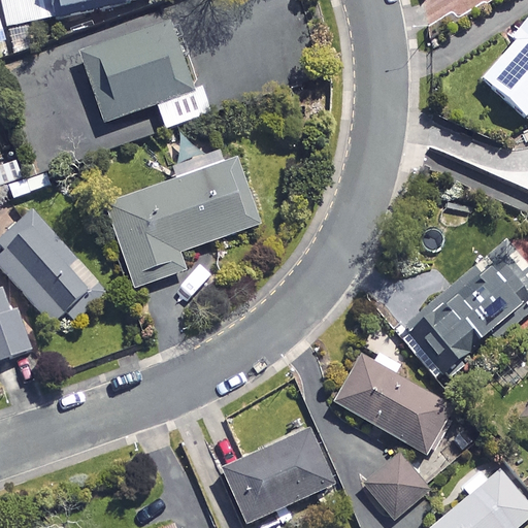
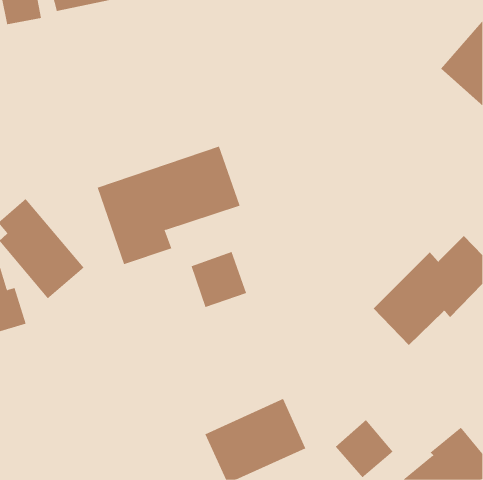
building: [80,23,211,128] -> none
building: none -> [191,251,247,308]
building: [337,351,450,452] -> none

